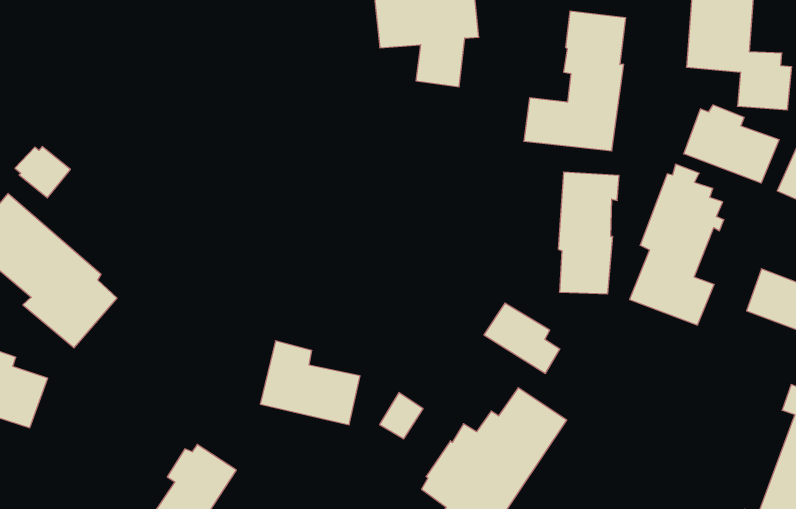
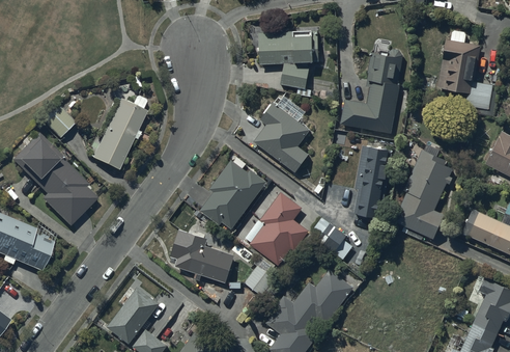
building: [684,105,779,183] -> none
building: none -> [252,99,309,172]
building: none -> [91,93,147,169]
building: none -> [199,152,265,229]
building: none -> [244,191,308,266]

